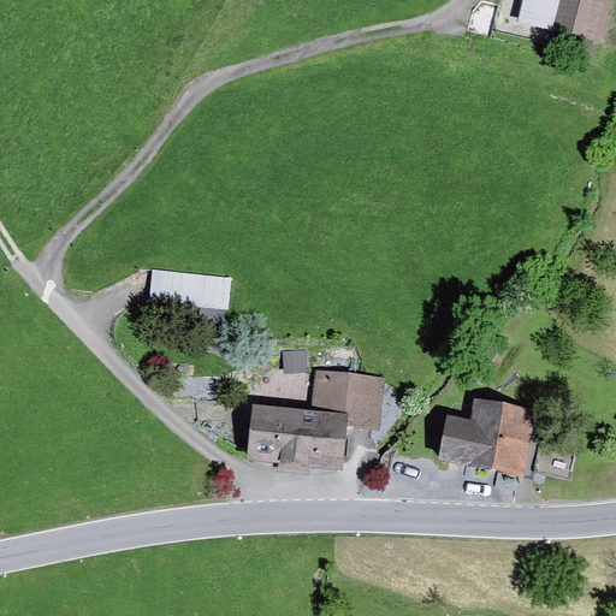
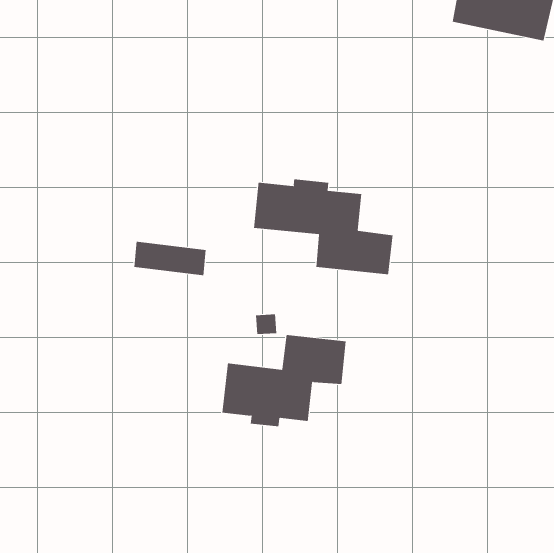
building: none -> [253,178,393,275]
building: [437,399,534,474] -> none

